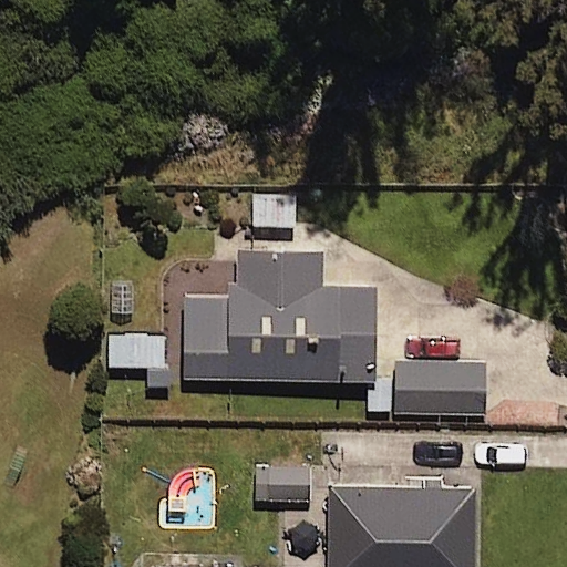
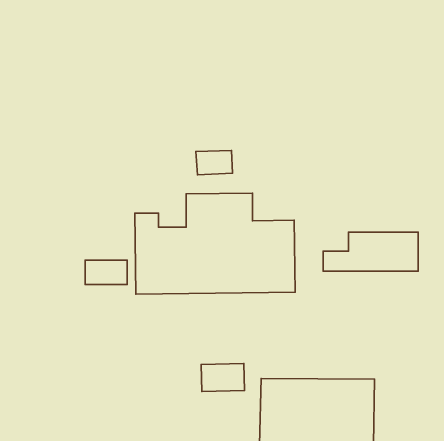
building: [364,364,485,414] -> [323,232,418,271]

